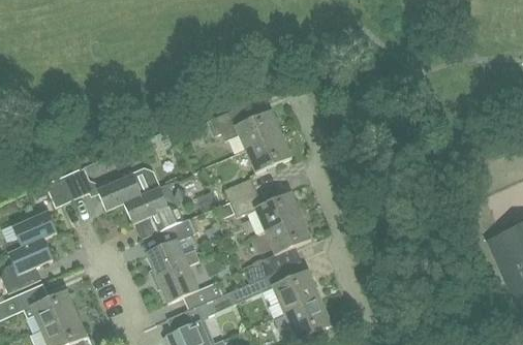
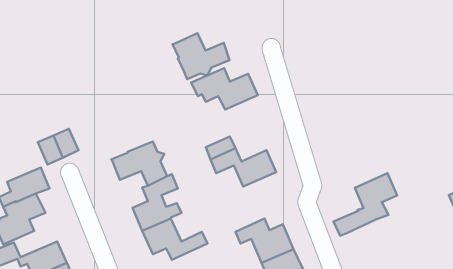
building: none -> [173,33,230,79]
building: [246,132,291,171] -> none
building: [97,167,159,211] -> none
building: [243,215,311,282] -> [333,173,397,236]

